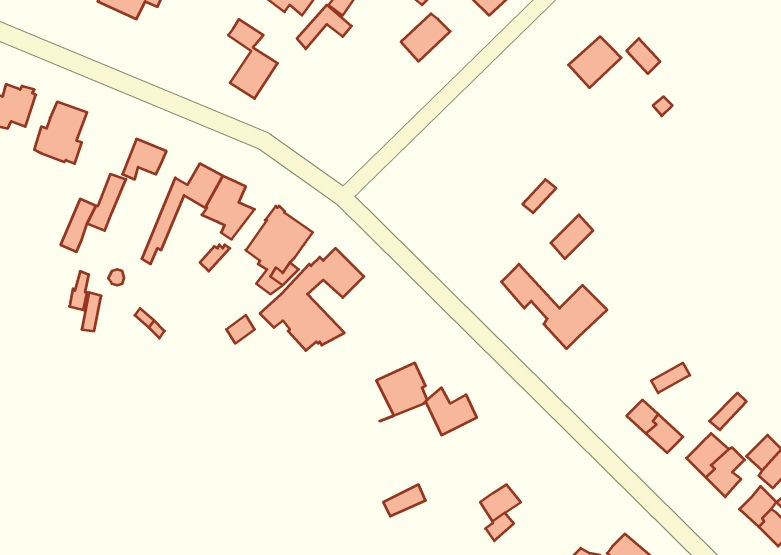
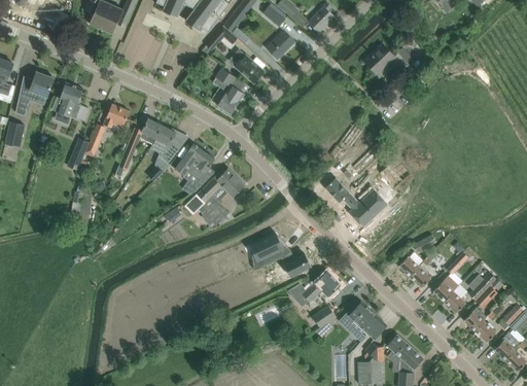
building: [228,19,278,99] -> [216,68,245,114]
building: none -> [236,50,266,84]
building: none -> [288,271,341,303]
building: none -> [340,302,387,340]

